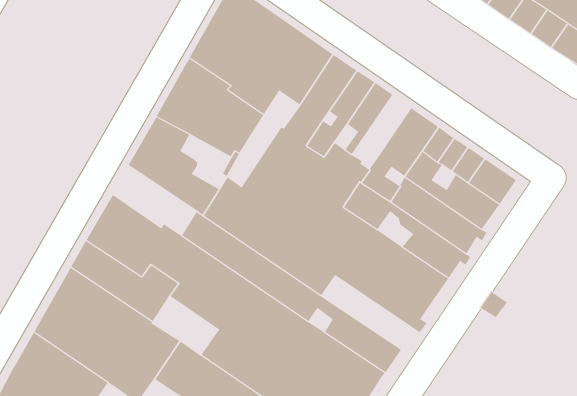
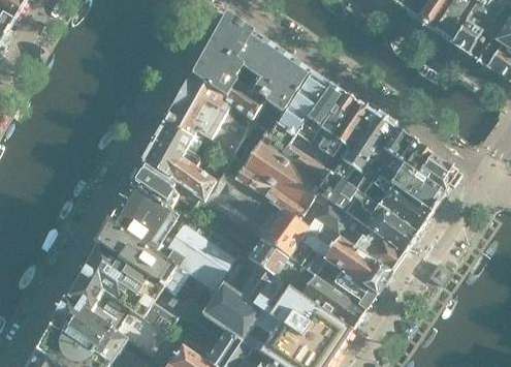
building: none -> [324,102,372,156]
building: none -> [130,159,198,216]
building: none -> [299,249,375,309]

